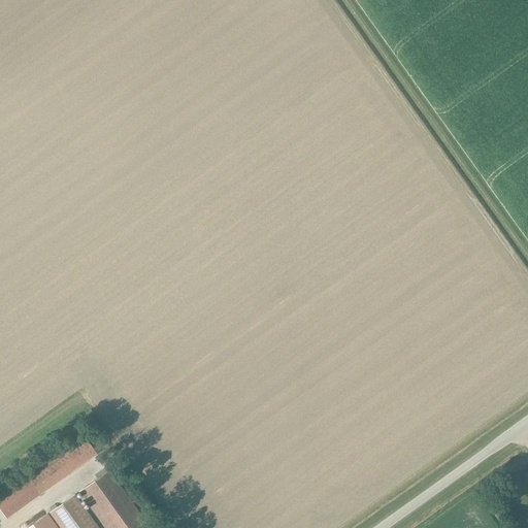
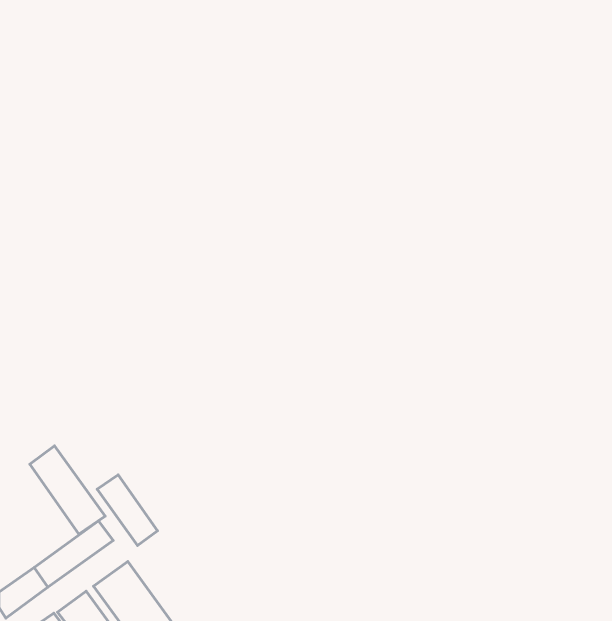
building: none -> [30,446,105,534]
building: none -> [97,475,158,546]

